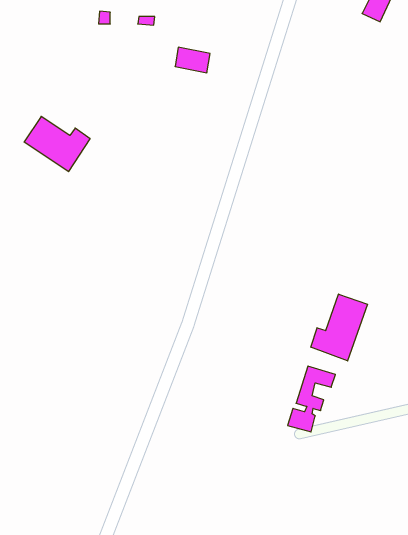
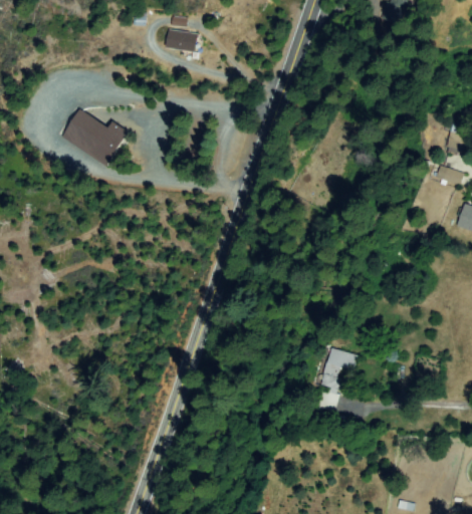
building: [175,47,210,73] -> [168,28,201,52]
building: [311,294,367,361] -> none

